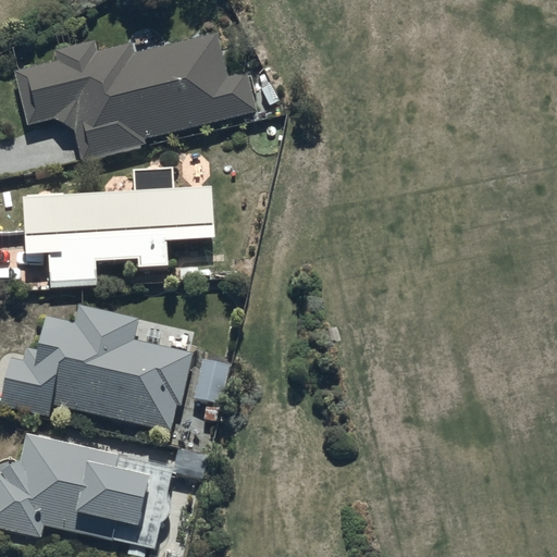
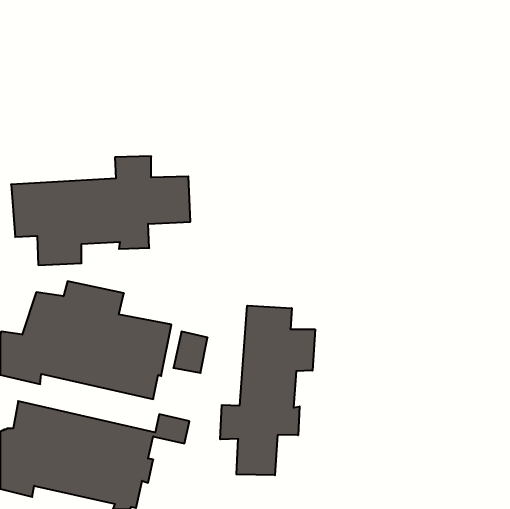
building: [14,30,257,158] -> none
building: none -> [220,306,315,475]

